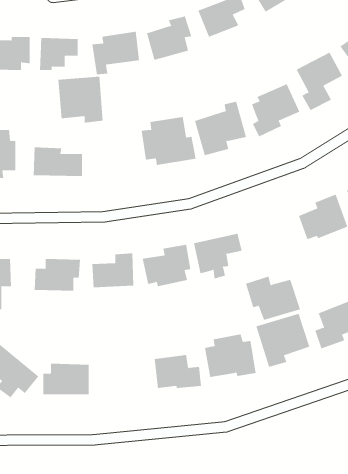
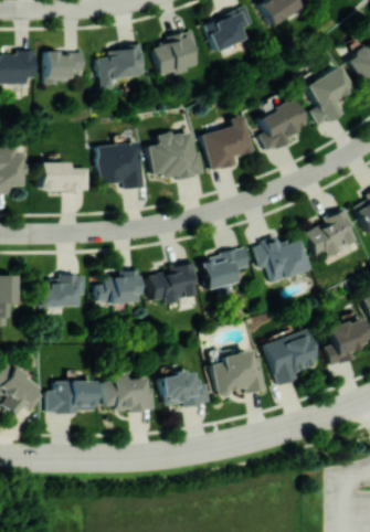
building: [58,76,103,123] -> [97,142,144,190]
building: [245,276,301,321] -> [254,237,310,283]
building: none -> [104,373,155,412]

